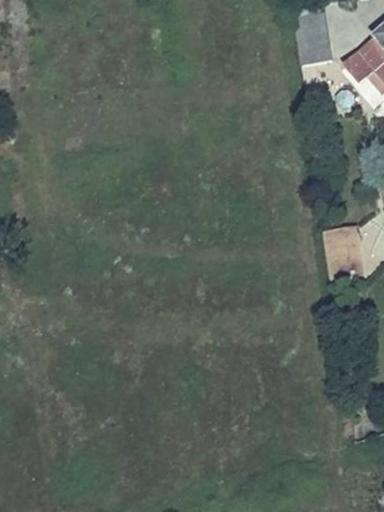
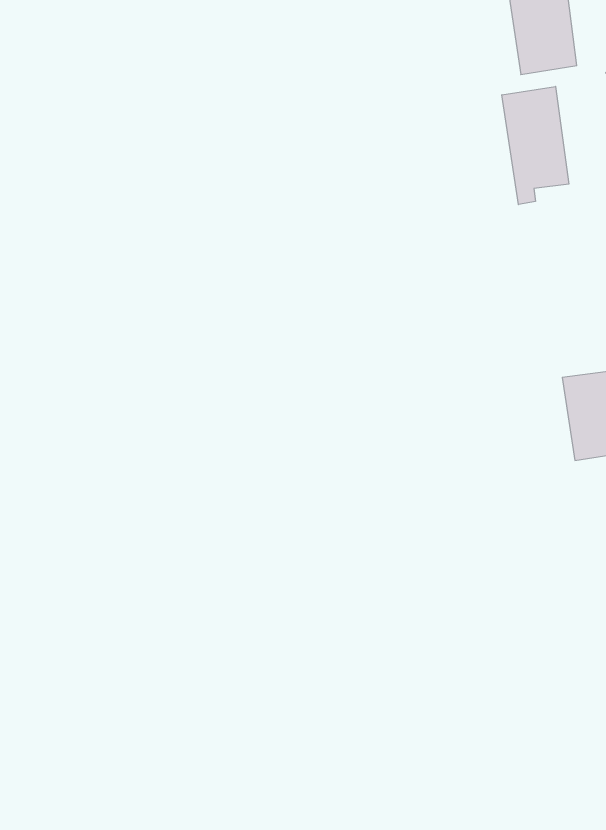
building: none -> [502,86,569,205]

